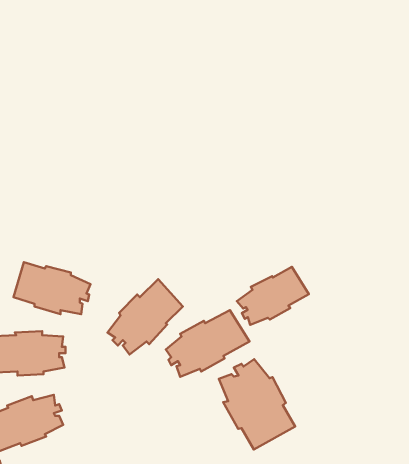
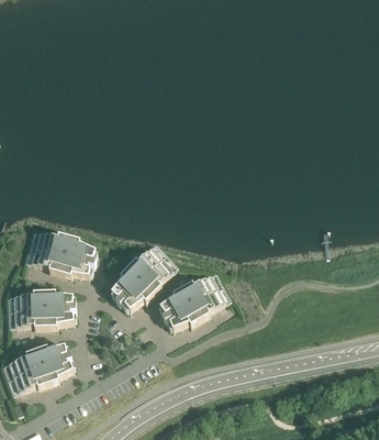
building: [237,267,309,325] -> none
building: [219,359,295,449] -> none

